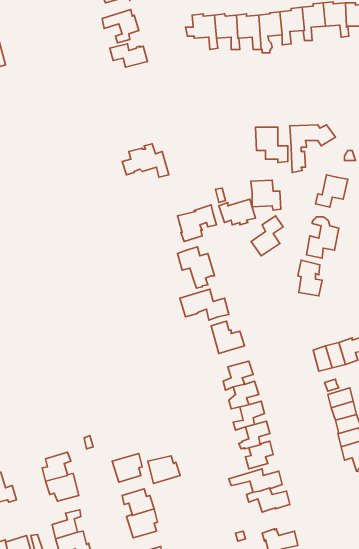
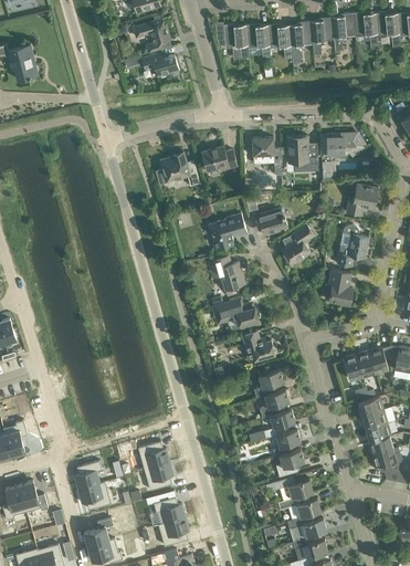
building: none -> [201,146,238,171]
building: [251,180,281,210] -> [252,137,282,167]
building: [148,456,180,483] -> [138,441,170,469]
building: none -> [287,515,327,541]

